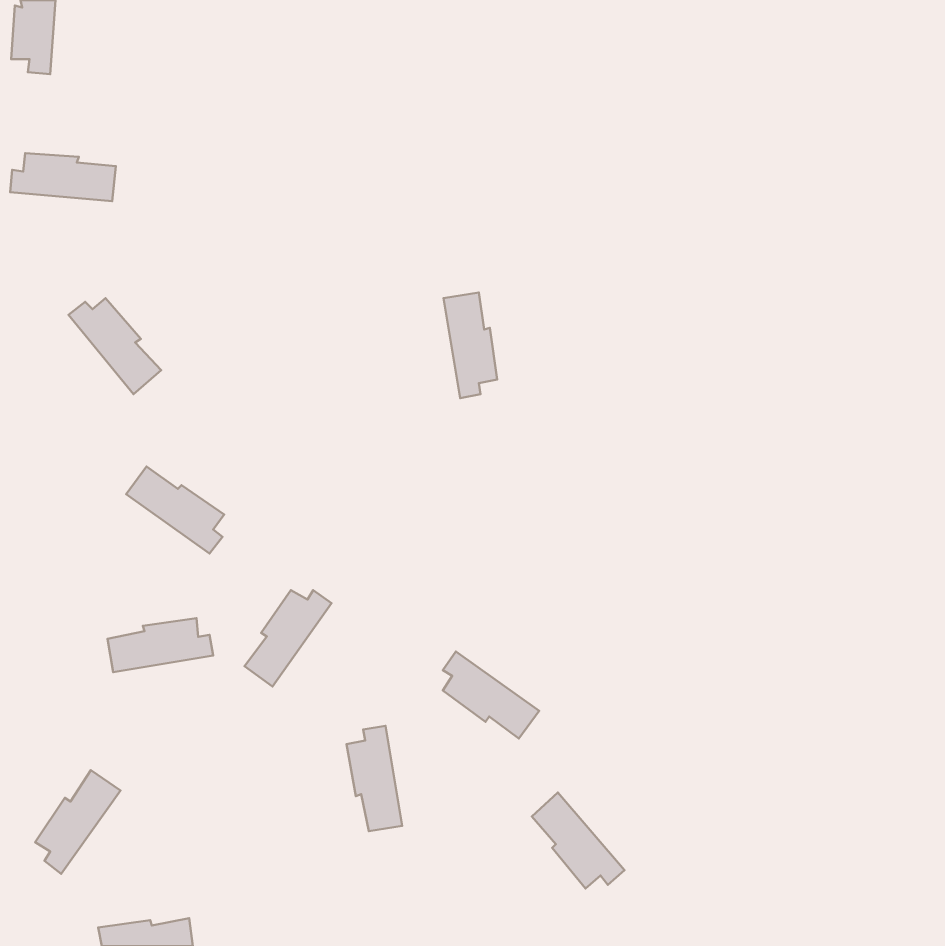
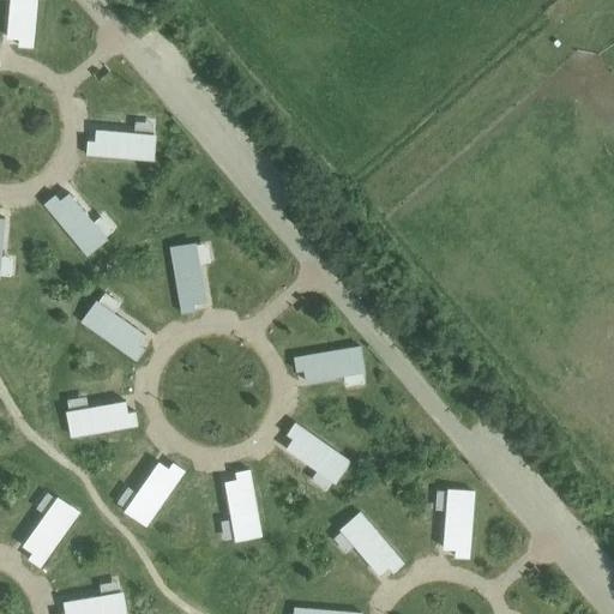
building: [10,153,116,201] -> [86,130,155,161]
building: [443,293,497,398] -> [170,245,205,313]
building: none -> [294,347,362,381]
building: [245,590,332,687] -> [127,463,183,525]
building: none -> [443,489,474,558]

